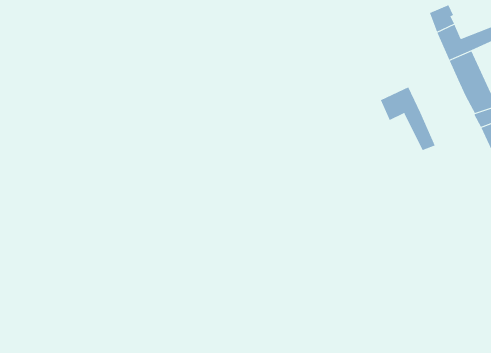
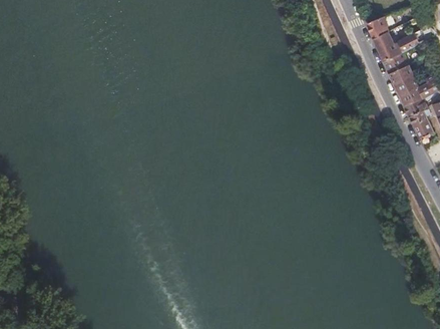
building: [380,87,436,151] -> none

